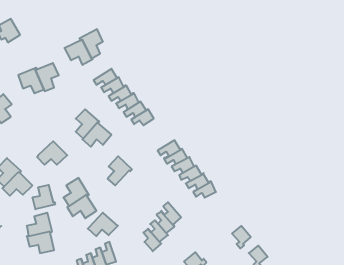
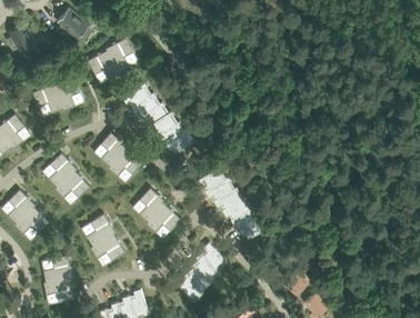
building: none -> [57,9,88,38]
building: none -> [48,152,77,187]
building: [33,185,55,209] -> none
building: [88,213,118,236] -> [146,205,181,232]

